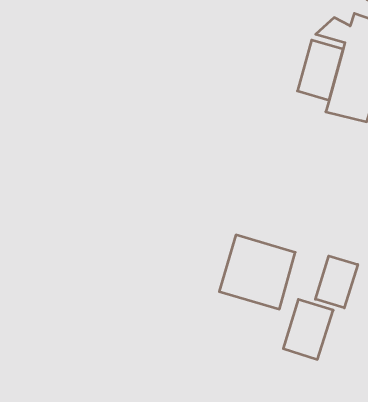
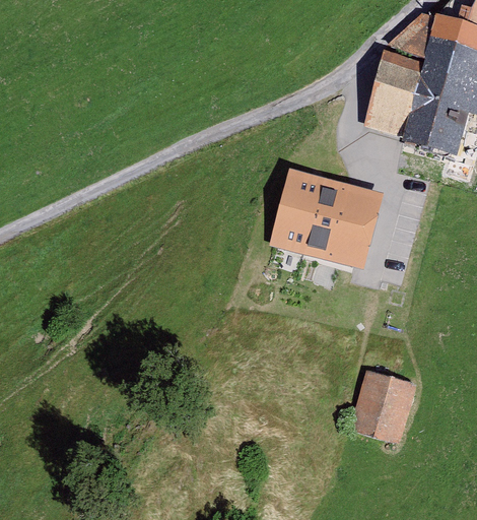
building: [219,235,295,309] -> [279,173,371,263]
building: [315,256,358,308] -> none

